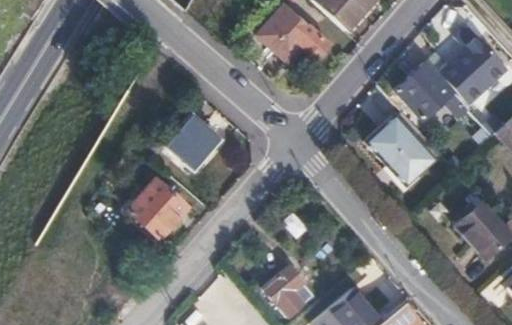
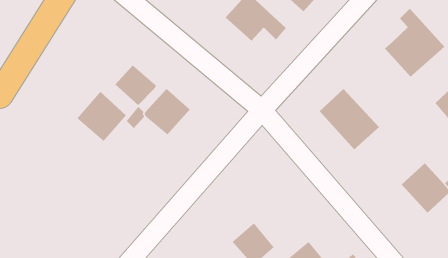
building: [397,53,469,119] -> none
building: none -> [115,64,157,106]
building: [130,181,187,239] -> [76,91,127,142]

